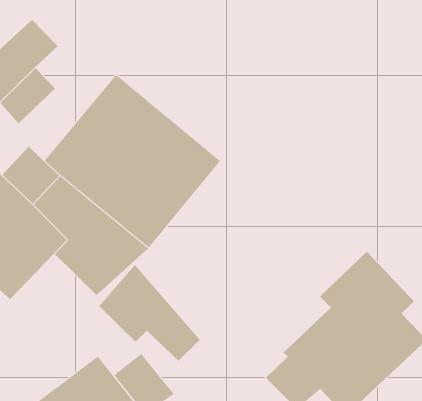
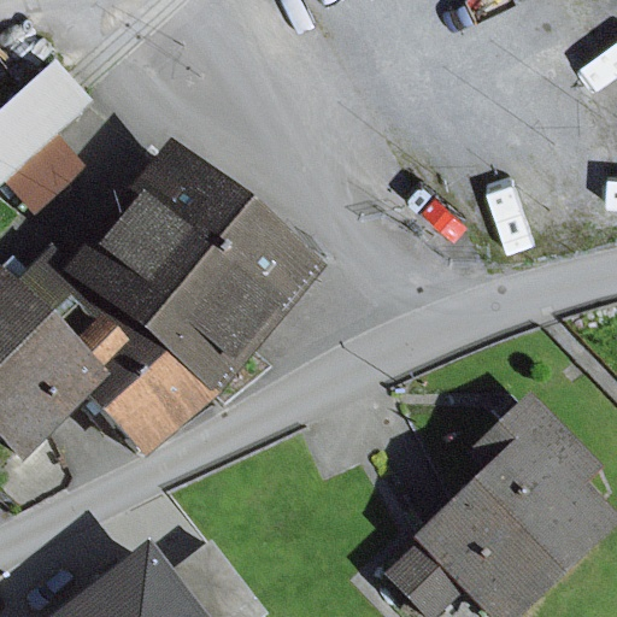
building: [99,264,201,361] -> none

